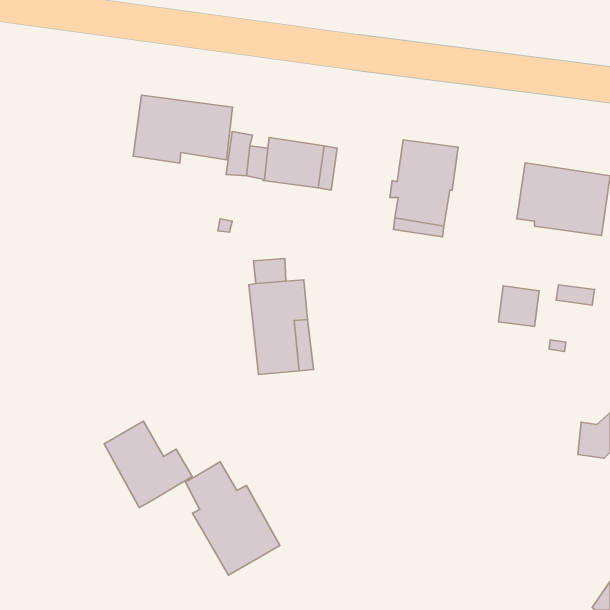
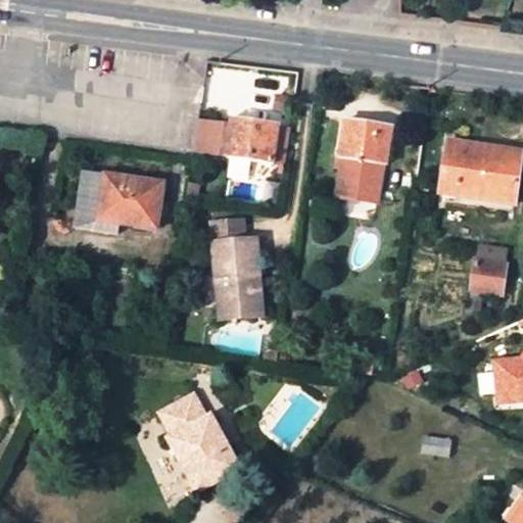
building: [133,95,232,163] -> [77,172,161,230]
building: [498,286,539,327] -> [471,256,506,291]
building: [104,421,192,507] -> none

